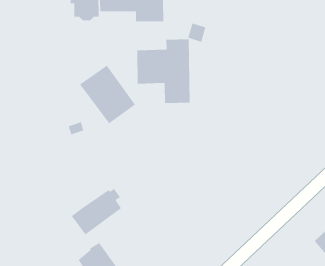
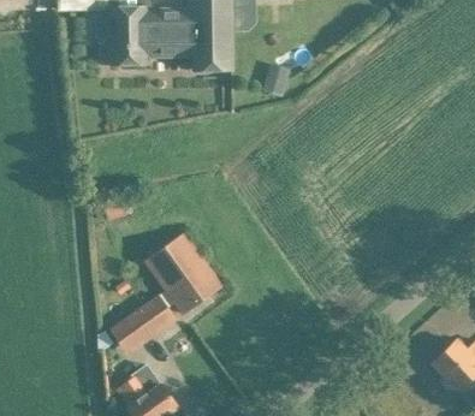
building: [137,39,190,104] -> none
building: [79,65,136,124] -> [146,233,221,313]

